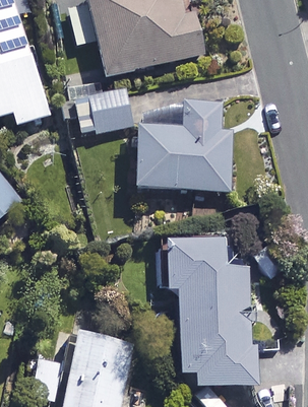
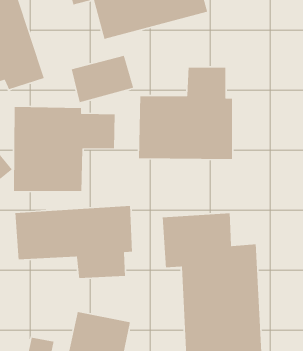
building: none -> [13,106,116,192]
building: none -> [15,205,133,279]

